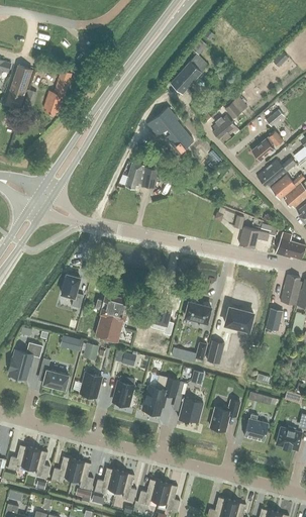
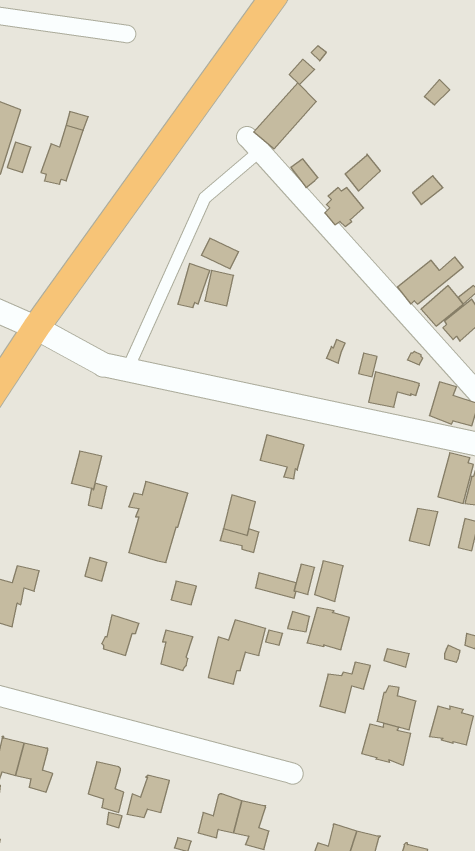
building: [145,105,195,152] -> none
building: [251,130,283,161] -> none
building: [185,301,211,327] -> [260,435,304,479]
building: [224,306,253,330] -> none
building: [40,357,70,388] -> none
building: [178,398,203,423] -> [307,608,349,650]
building: none -> [362,723,411,765]
building: [52,455,77,482] -> none
building: [115,471,136,501] -> none

